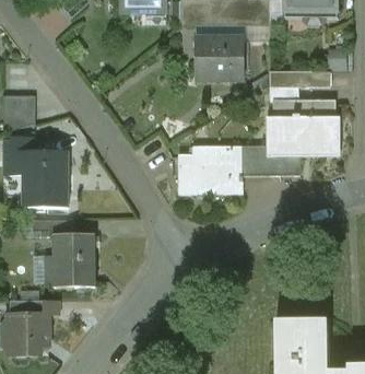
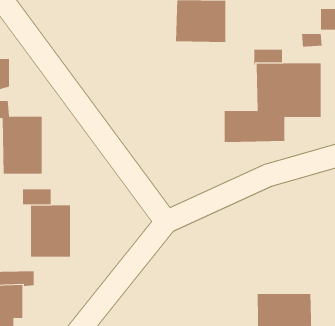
building: [177,144,243,194] -> none

